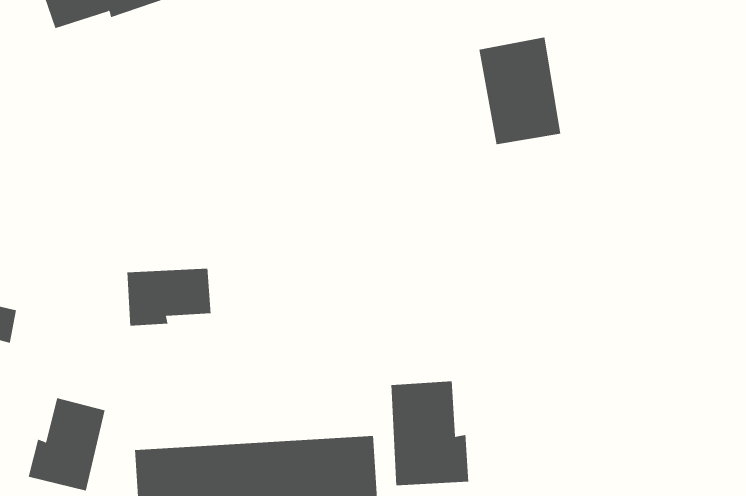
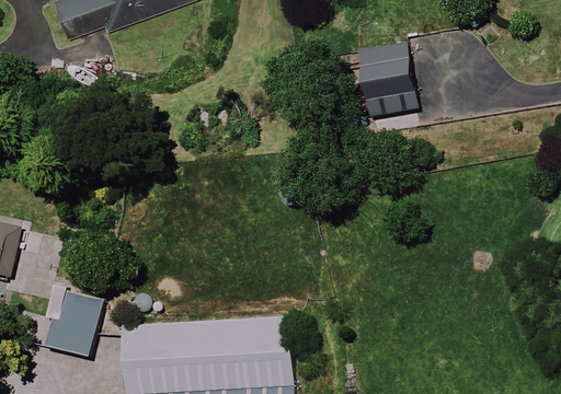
building: [127,268,211,326] -> none
building: [391,380,469,486] -> none

